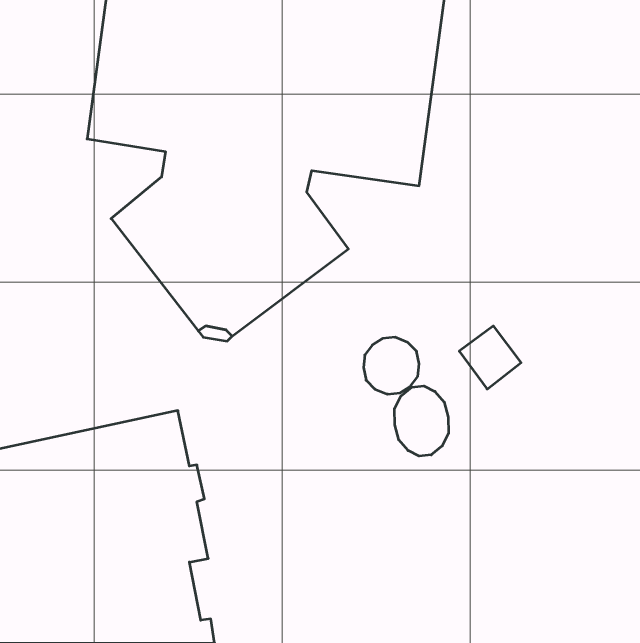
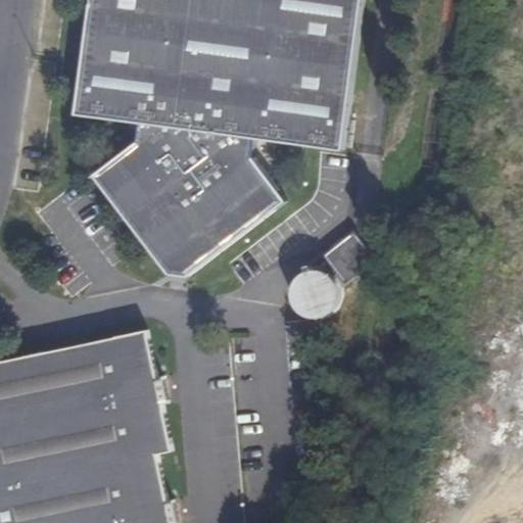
building: [459,326,521,389] -> [320,232,370,283]
building: [394,386,449,456] -> none

